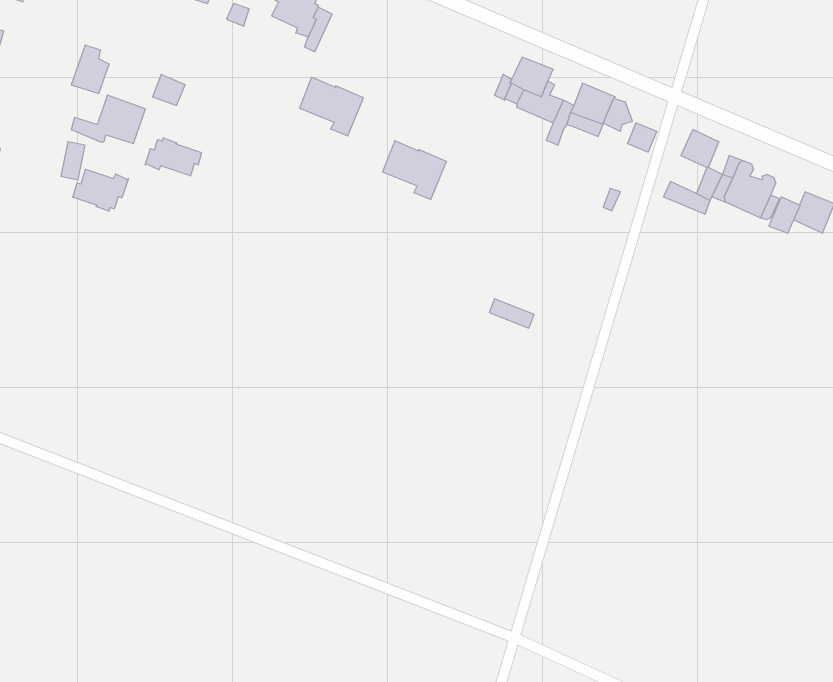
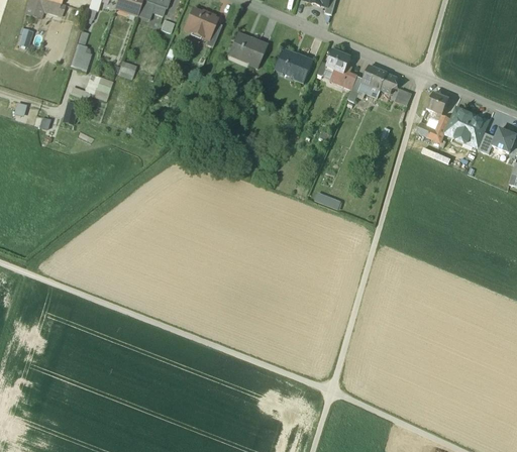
building: [300,77,363,136] -> [229,32,267,67]
building: [145,138,202,176] -> none
building: [383,141,447,199] -> [276,47,313,82]
building: [73,169,129,211] -> none

